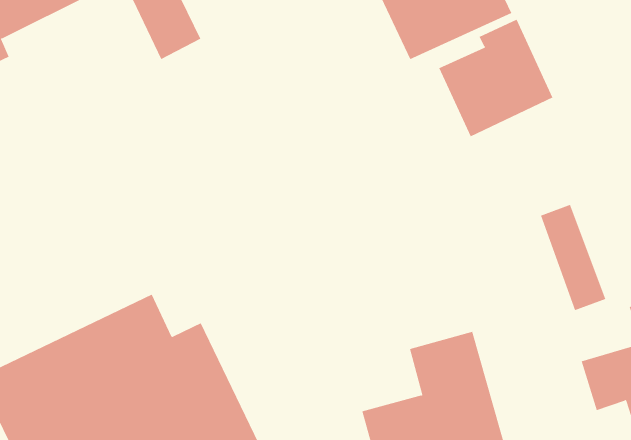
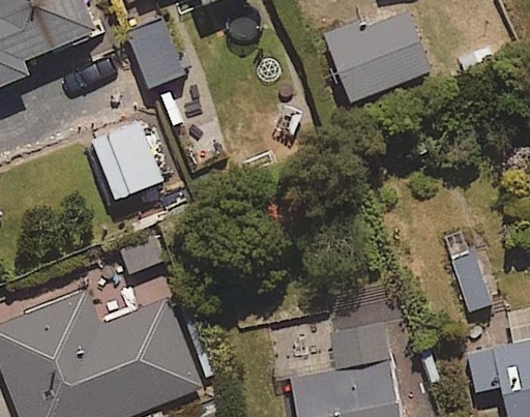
building: [439,19,553,137] -> none
building: none -> [91,116,163,199]

